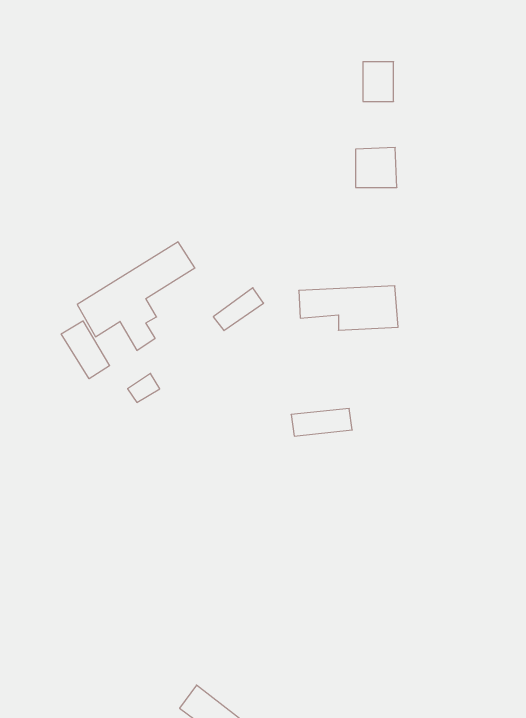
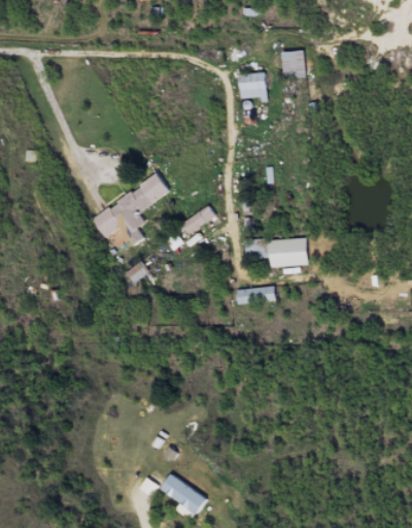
building: [356,148,397,187] -> [239,73,267,100]
building: [299,286,398,330] -> [241,237,308,267]
building: [61,321,110,379] -> none

